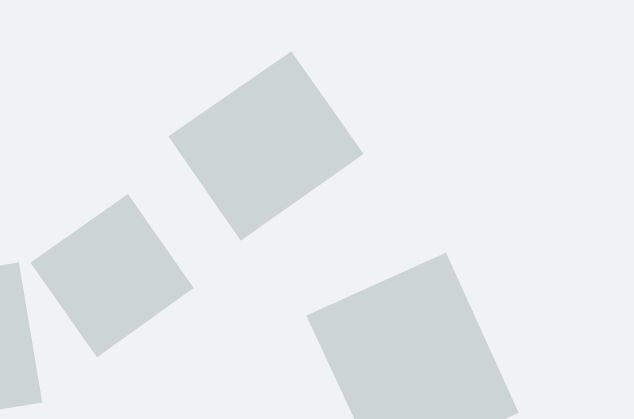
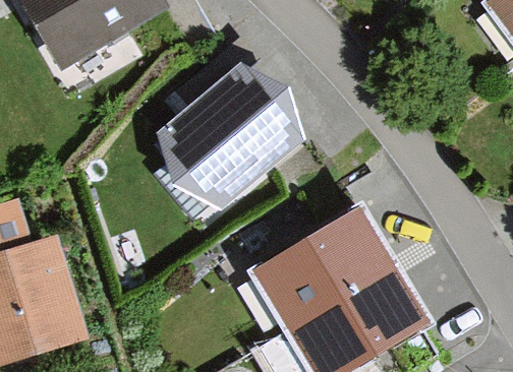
building: [29,193,195,358] -> none

